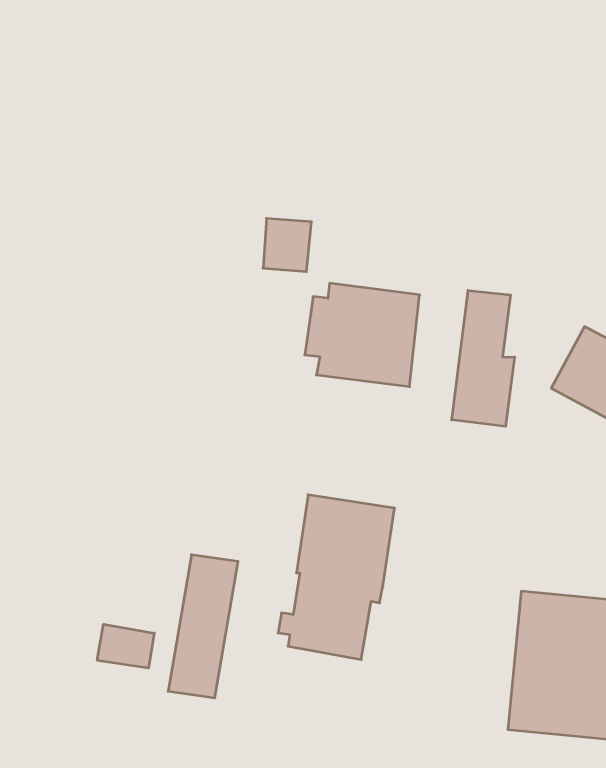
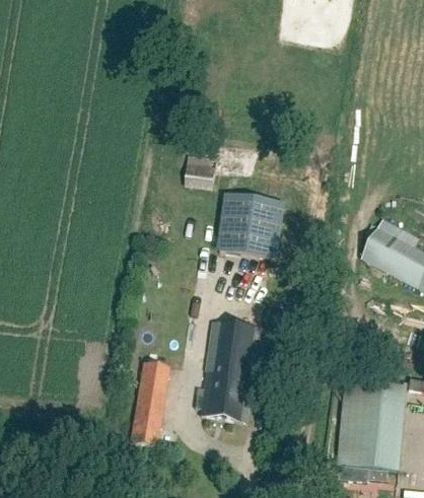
building: [452,290,515,426] -> none
building: [97,624,154,668] -> none

